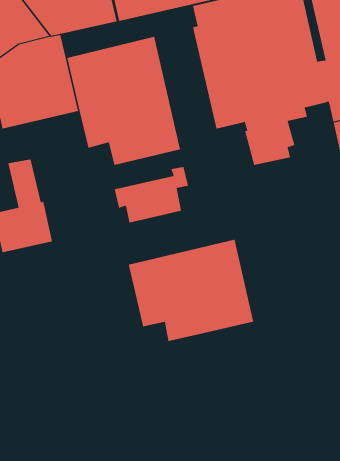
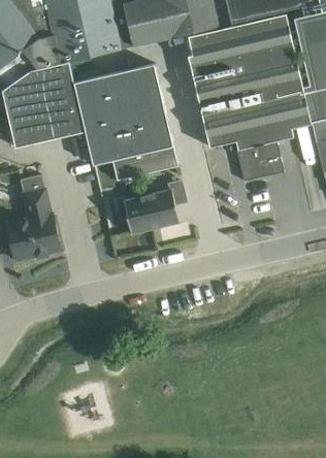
building: [128,239,254,342] -> none

